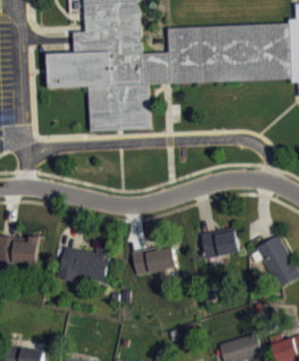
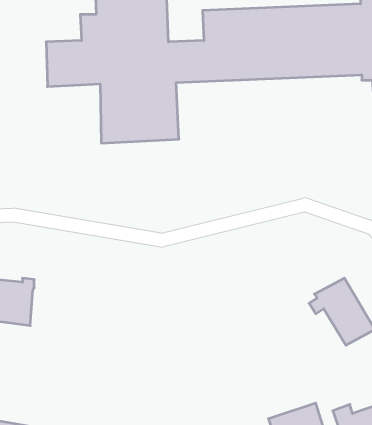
building: [199,228,237,259] -> none
building: [129,244,175,276] -> none
building: [55,246,110,283] -> none

